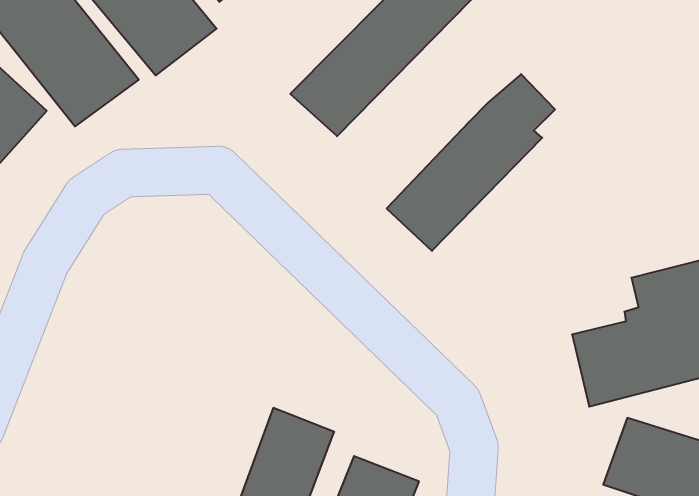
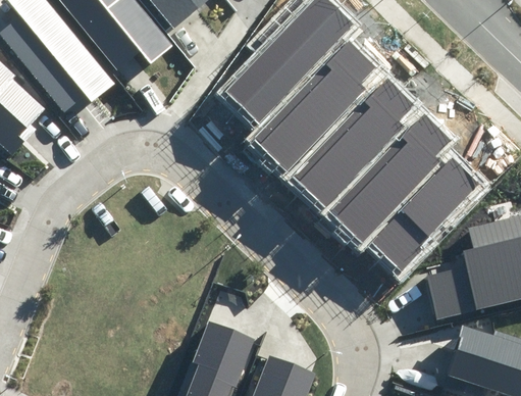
building: none -> [256,44,380,169]
building: none -> [328,115,451,241]
building: none -> [372,159,478,266]

